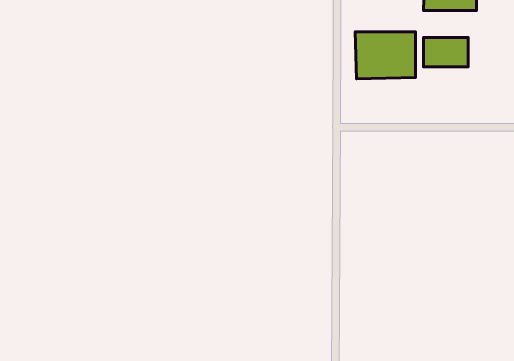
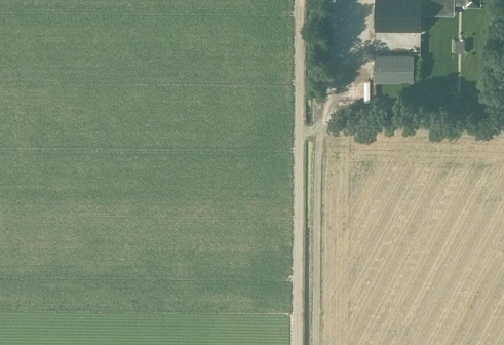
building: [355,32,416,79] -> none

